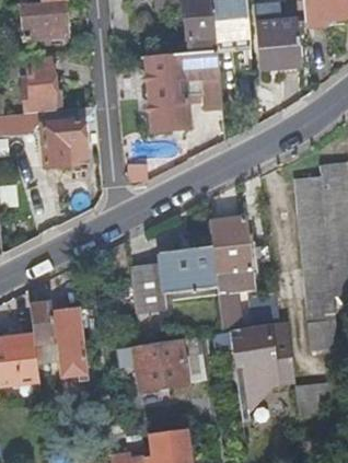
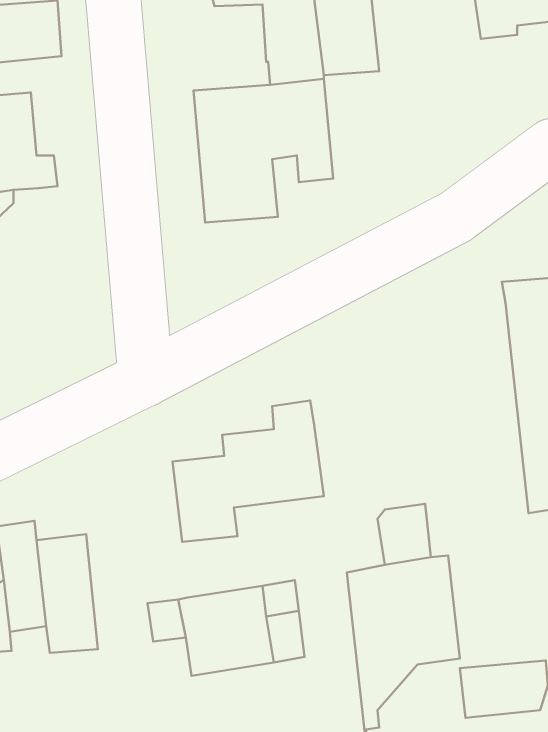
building: [256,8,298,69] -> none
building: [40,120,84,167] -> none
building: [293,176,339,350] -> none
building: [208,217,253,321] -> none

